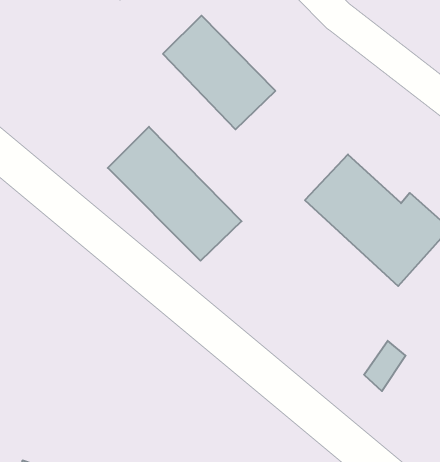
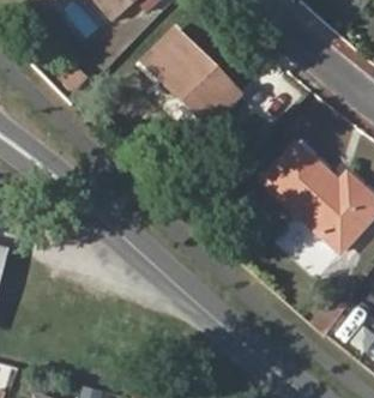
building: [108,127,242,261] -> none

